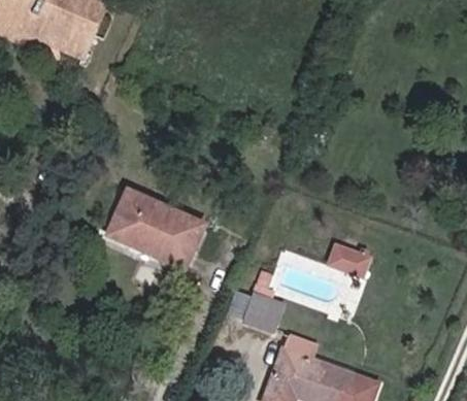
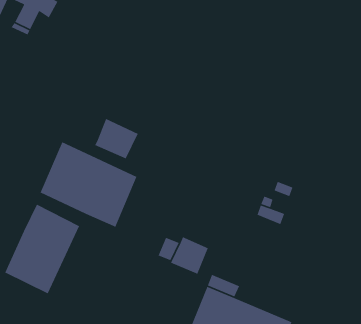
building: none -> [94,118,139,160]
building: none -> [4,204,80,294]

